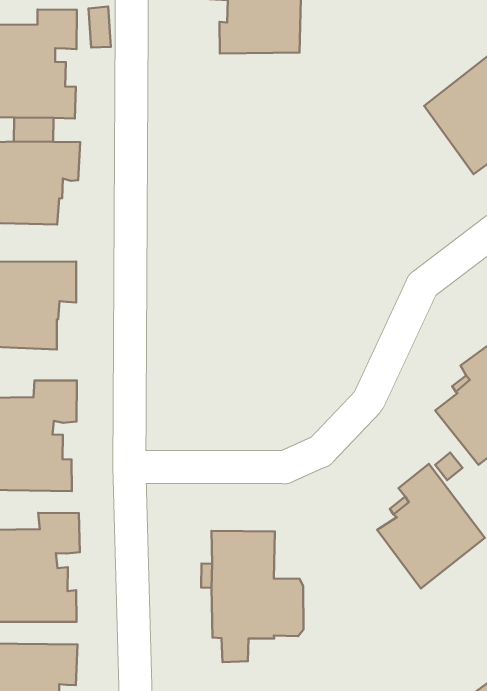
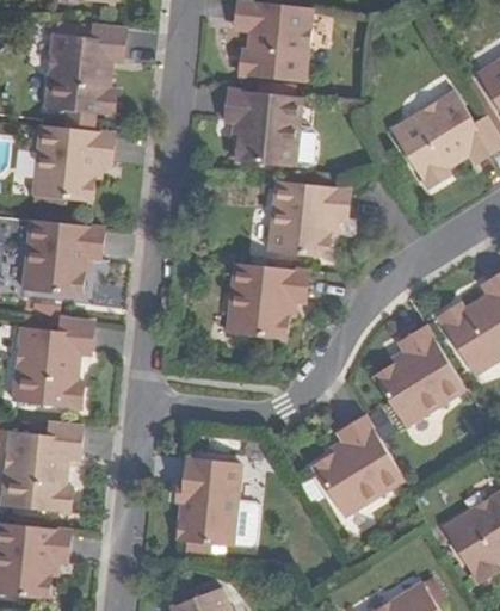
building: none -> [221,90,309,162]
building: none -> [267,181,348,255]
building: none -> [228,264,307,337]

